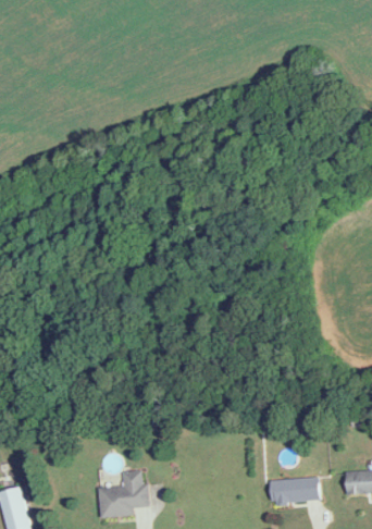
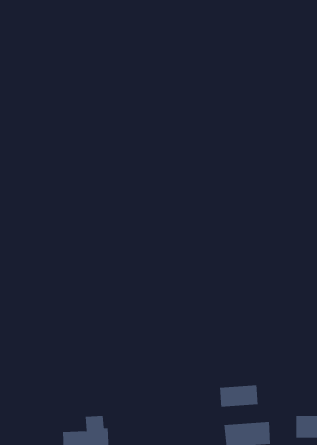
building: none -> [219,385,258,407]

